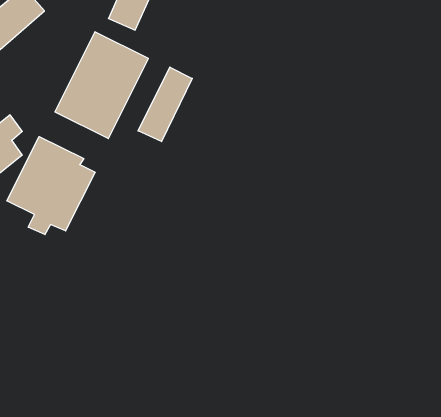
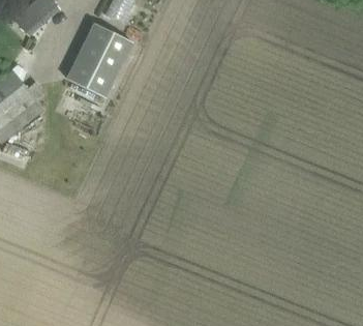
building: [138,67,192,142] -> none
building: [7,137,95,235] -> none

